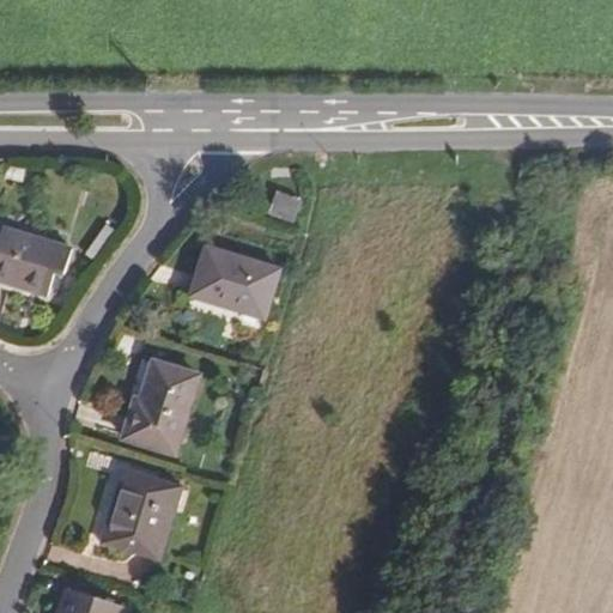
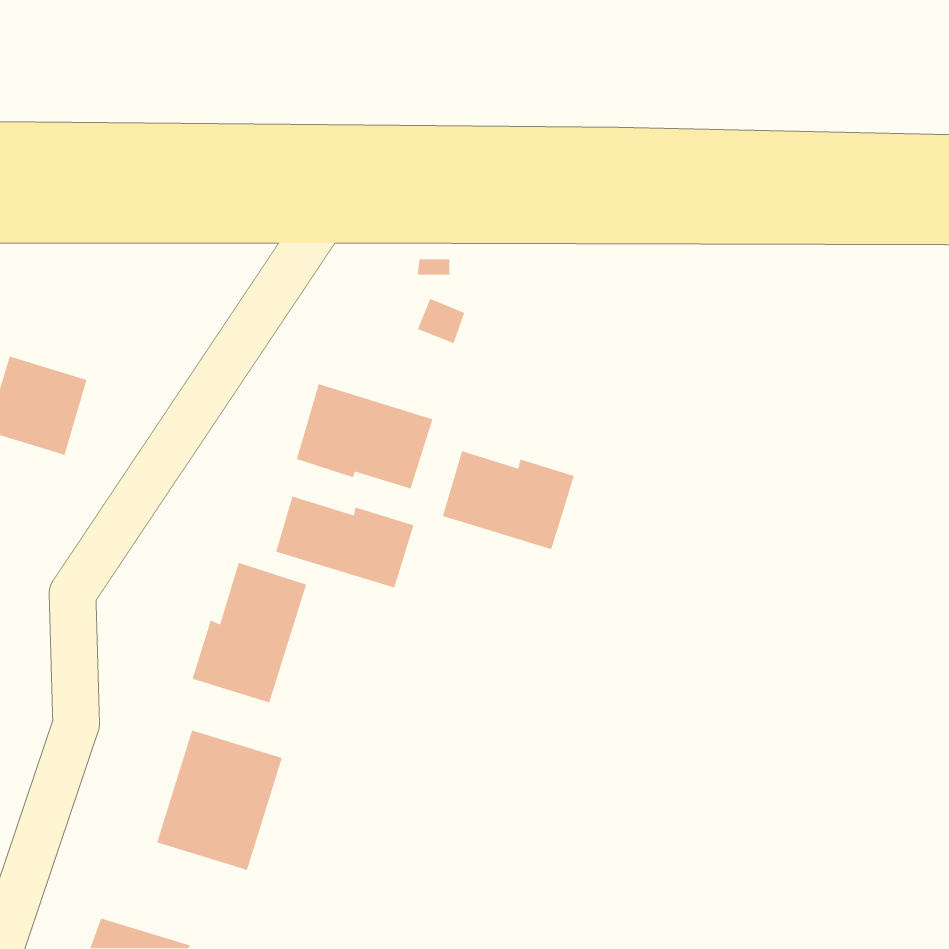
building: none -> [442,450,575,550]
building: none -> [275,495,414,589]

